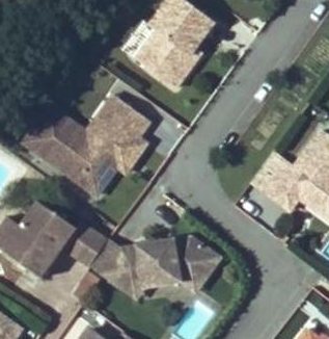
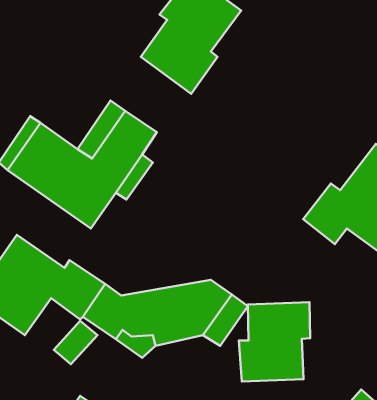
building: none -> [239,302,310,382]

